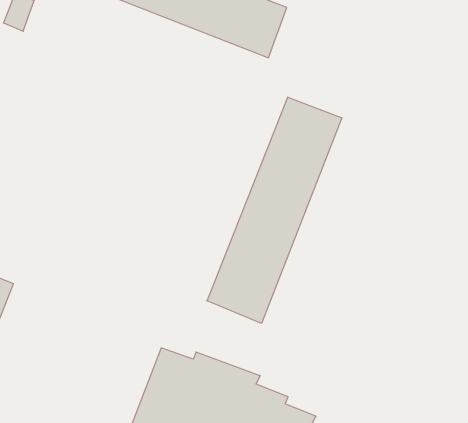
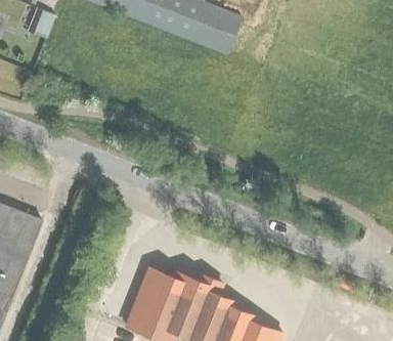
building: [207,97,342,323] -> none

